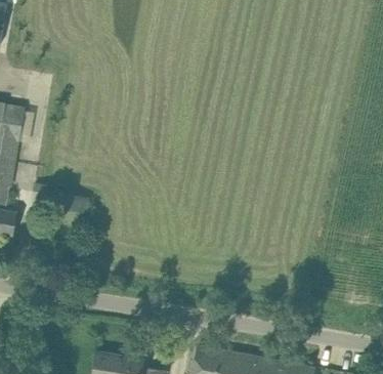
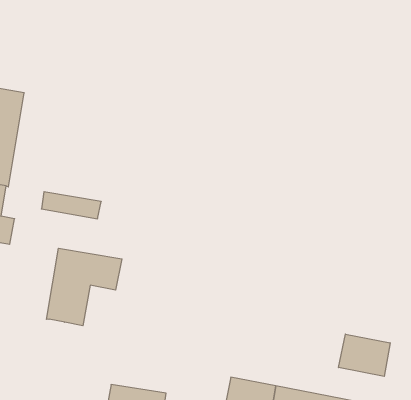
building: none -> [46,248,122,326]
building: none -> [339,334,390,376]

